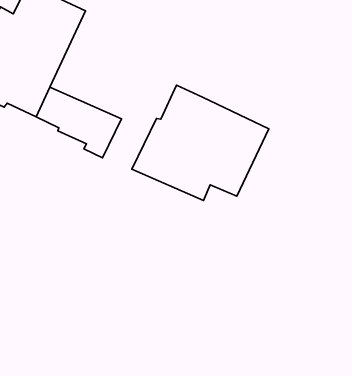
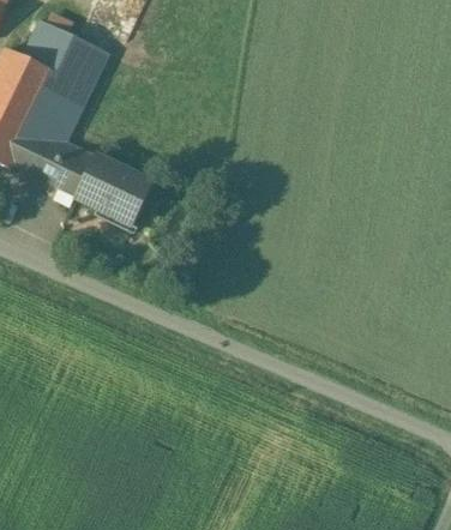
building: [132,85,269,201] -> none

